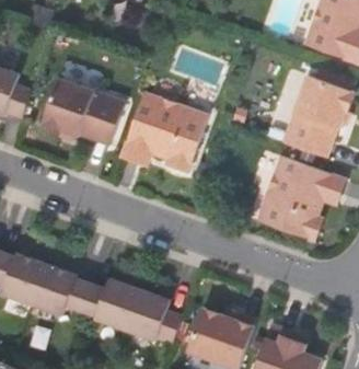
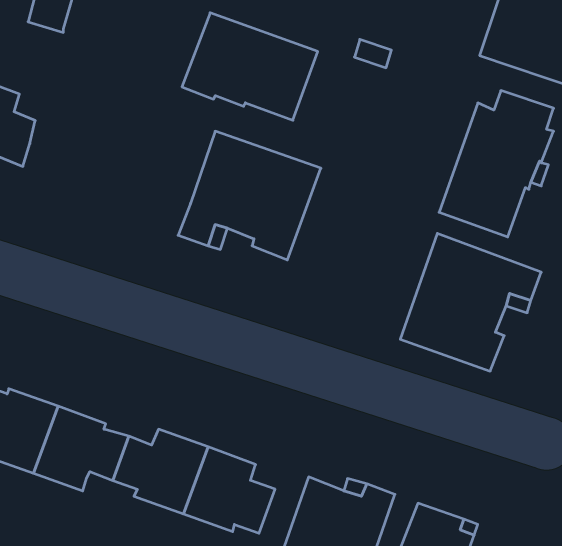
building: [39,78,124,145] -> [182,13,318,120]

